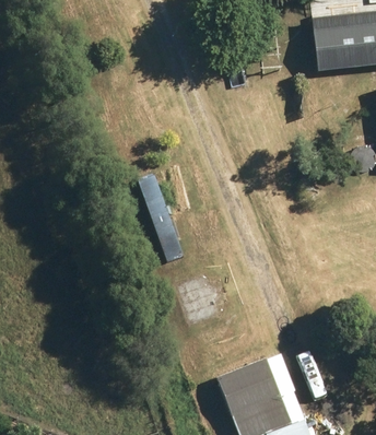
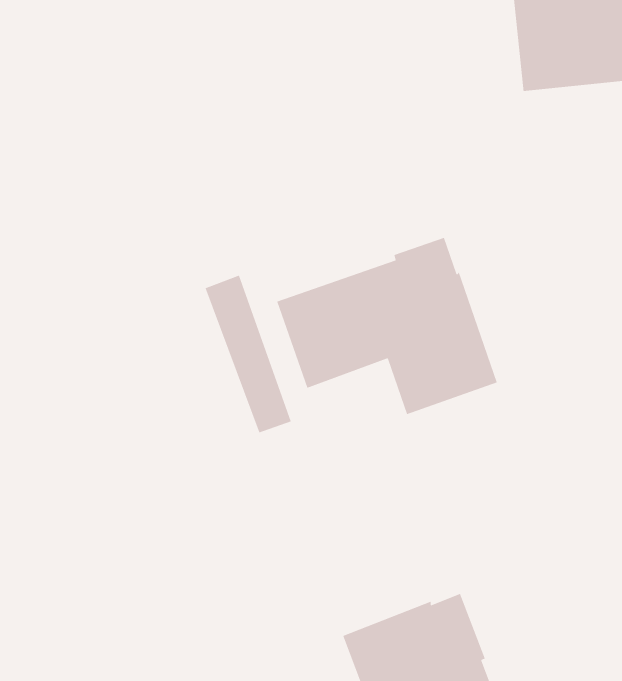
building: none -> [276,237,498,415]

